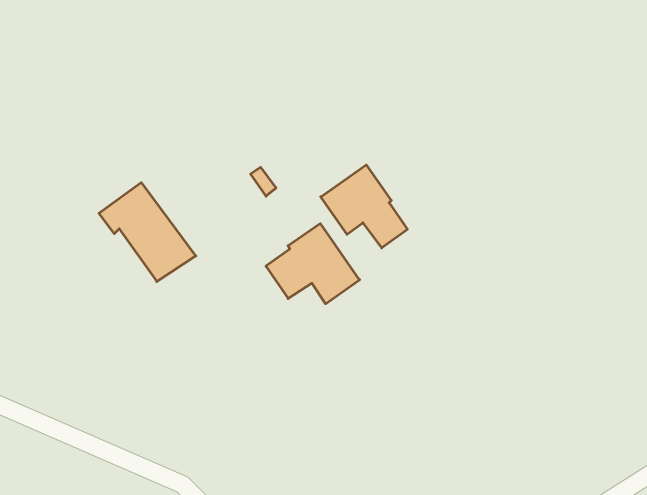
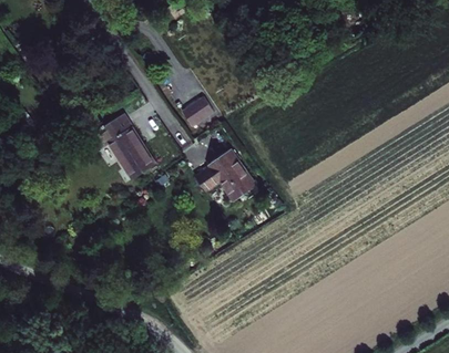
building: [321,165,407,248] -> none

